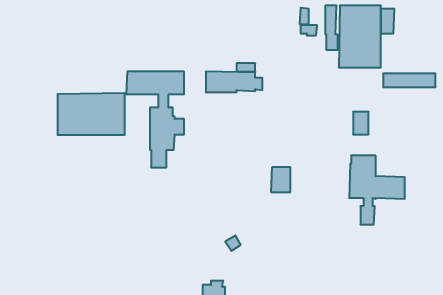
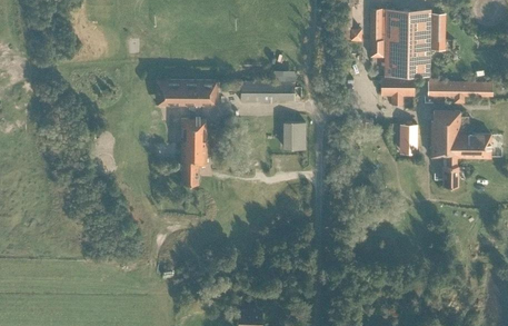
building: none -> [381,77,416,97]
building: [58,93,125,135] -> none
building: [349,156,405,225] -> [431,111,491,186]
building: [271,167,290,192] -> [285,124,306,150]

